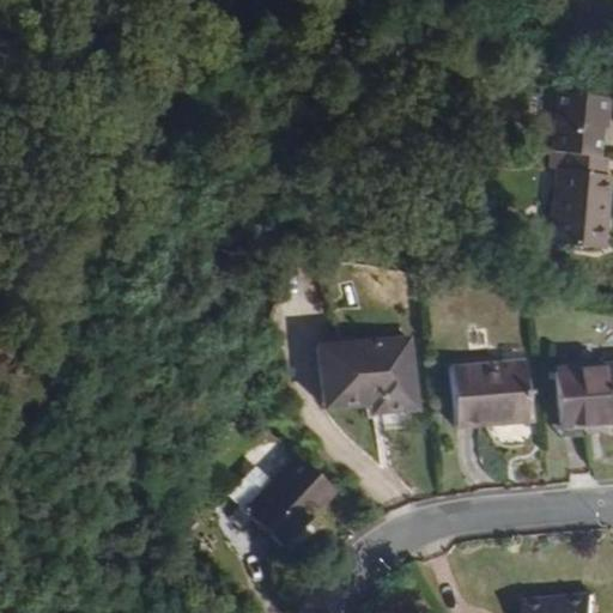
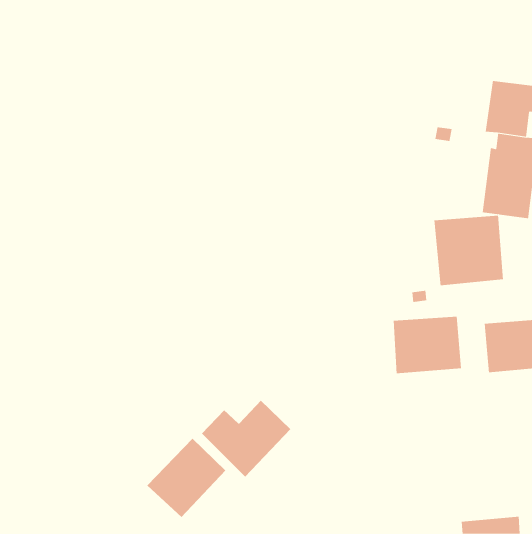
building: none -> [434,215,504,286]
building: [323,336,418,409] -> none
building: none -> [147,438,226,518]

